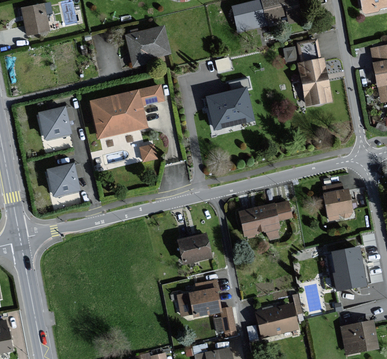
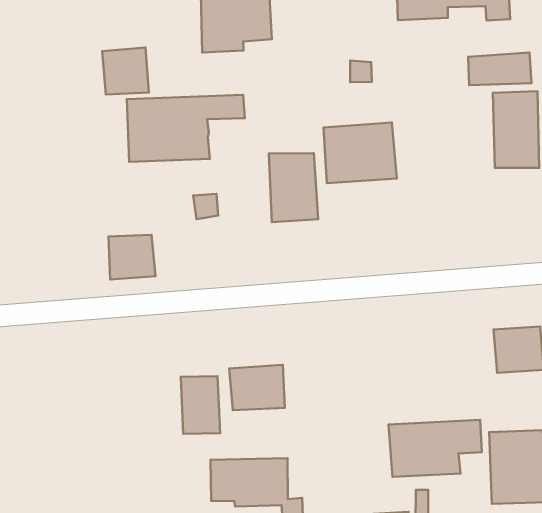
building: [41,106,71,136] -> [102,48,149,95]
building: none -> [269,153,318,222]
building: [49,164,79,193] -> [108,235,155,280]
building: [236,200,291,240] -> [389,420,482,477]
building: none -> [181,376,220,434]

